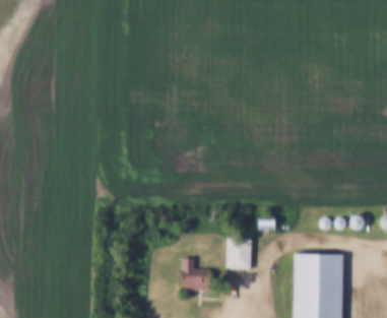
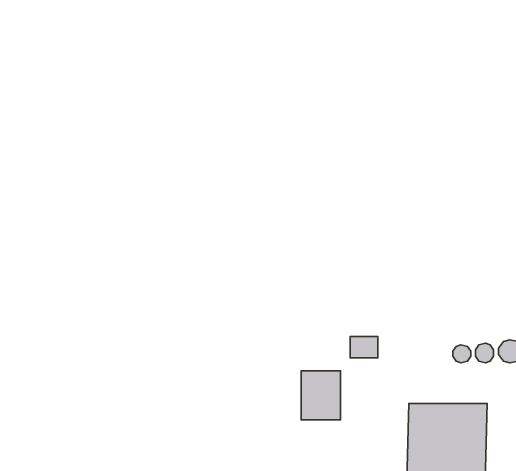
building: [181,256,210,288] -> none

